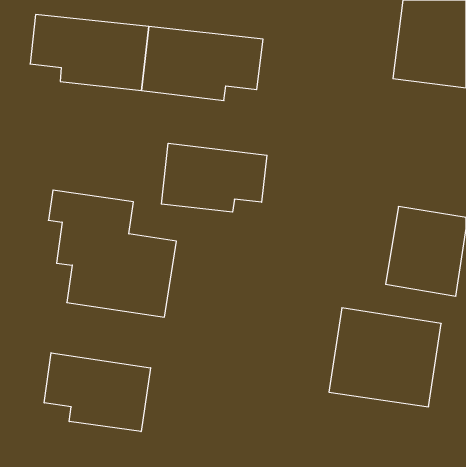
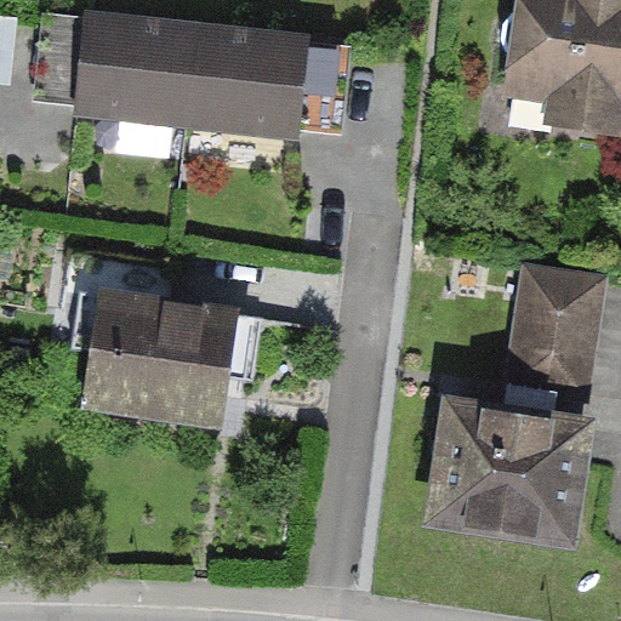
building: [161,143,267,212] -> none
building: [44,353,151,432] -> none

